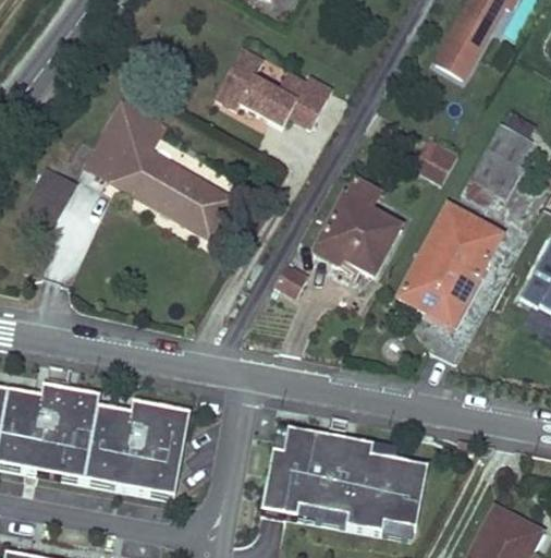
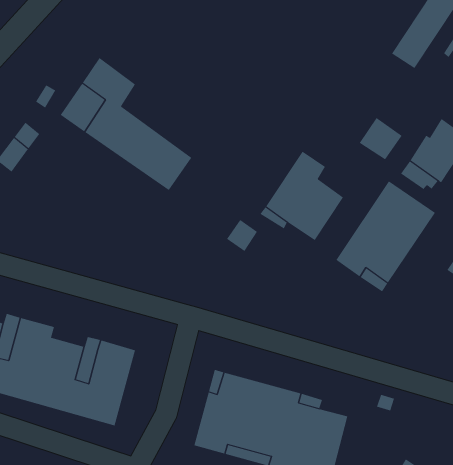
building: [215,47,331,125] -> none

